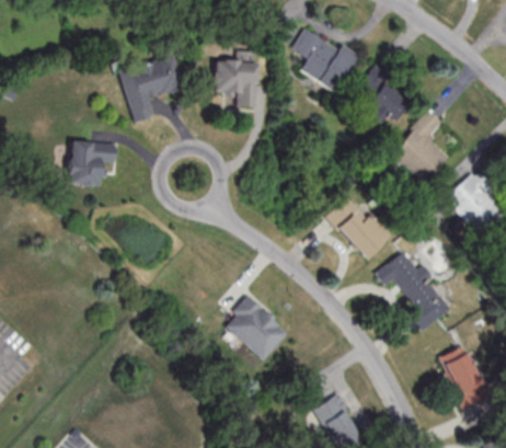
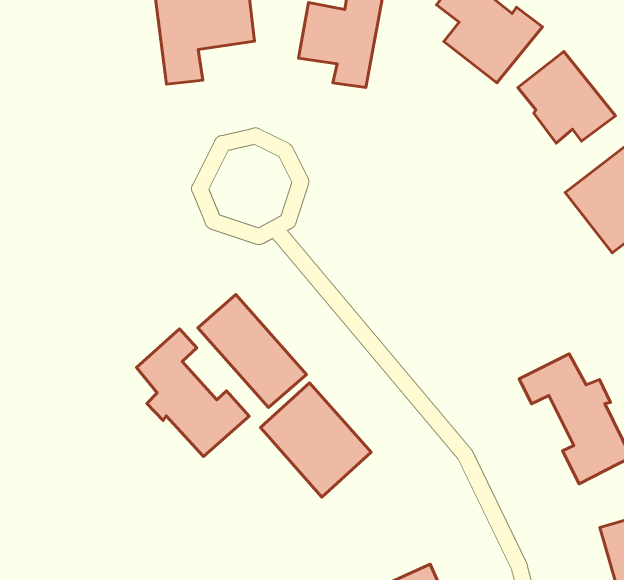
building: [68,140,116,185] -> none
building: [325,196,388,259] -> none
building: none -> [198,295,307,408]
building: none -> [136,329,249,456]

